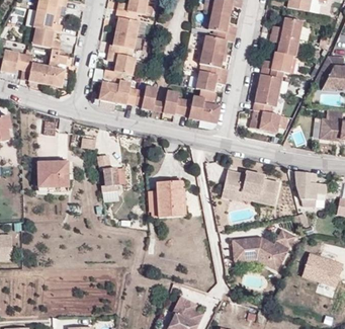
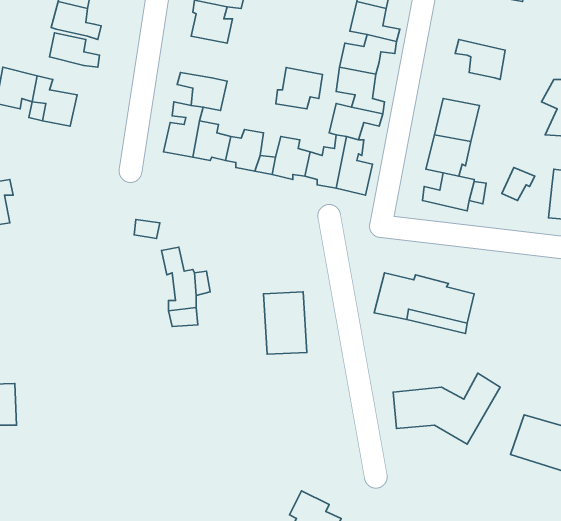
building: [271,18,303,39] -> none
building: [108,31,136,56] -> [276,67,322,109]
building: [44,51,68,88] -> none
building: [262,53,292,73] -> none
building: [37,162,68,187] -> none
building: [295,172,318,207] -> none

